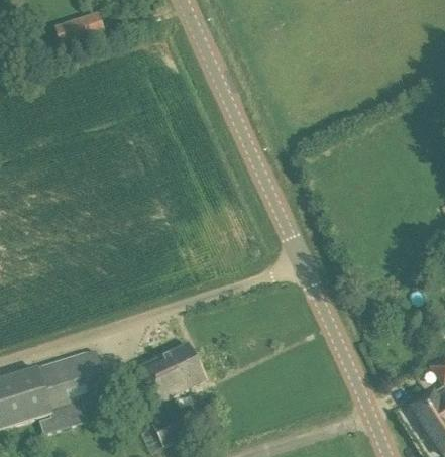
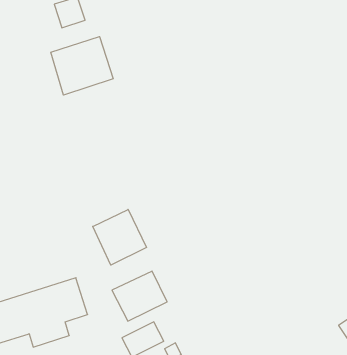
building: none -> [51,37,113,95]
building: none -> [93,209,147,265]

